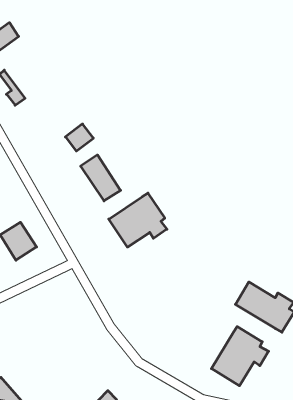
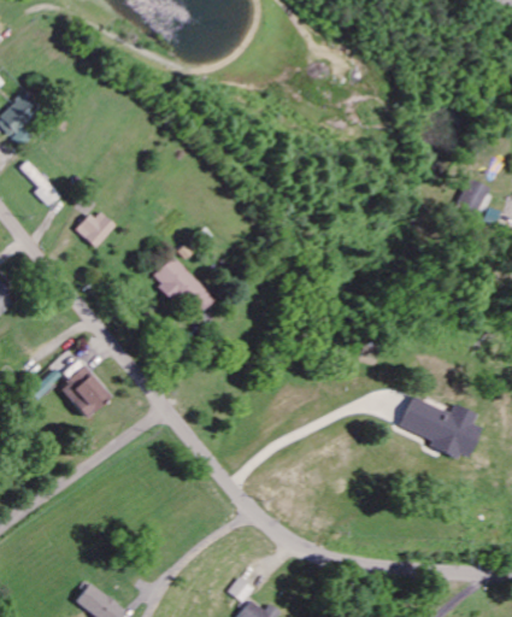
building: [65,124,93,151] -> [78,210,117,248]
building: [109,193,167,247] -> none
building: [211,327,269,386] -> none

